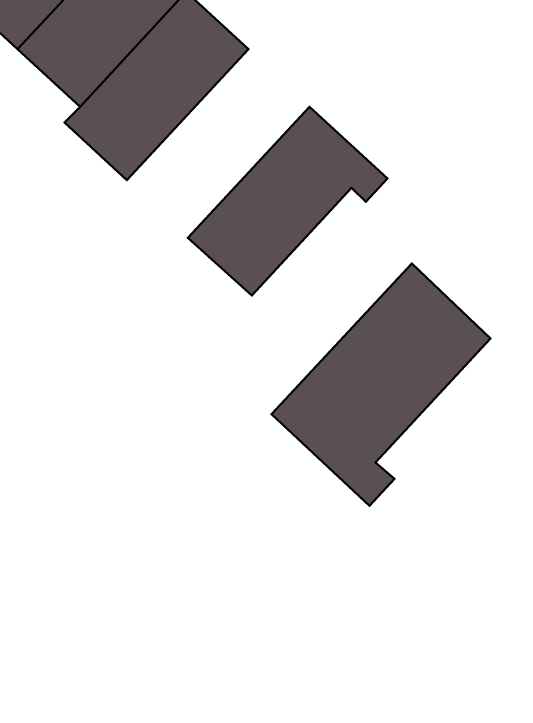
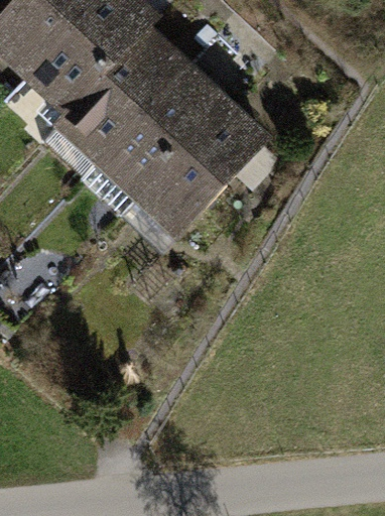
building: none -> [95,72,213,194]
building: [272,264,491,506] -> none

